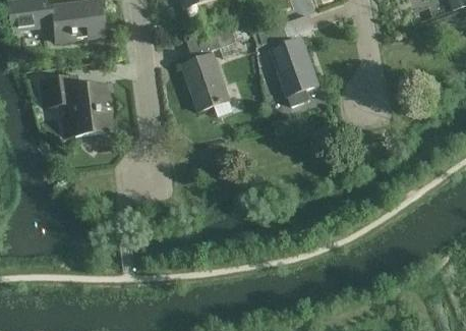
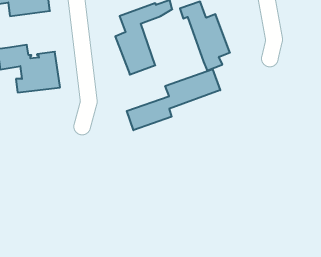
building: none -> [127,69,220,130]

